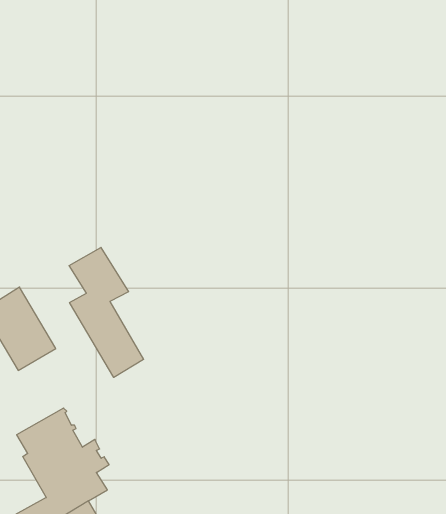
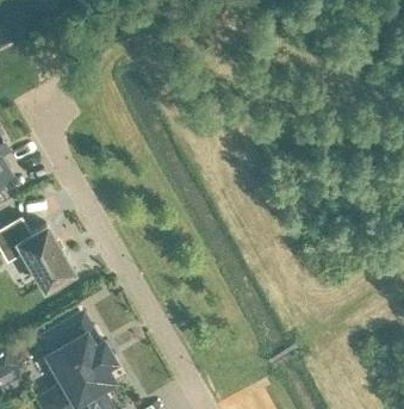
building: [69,247,144,377] -> none

